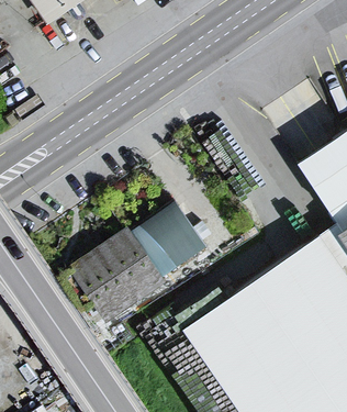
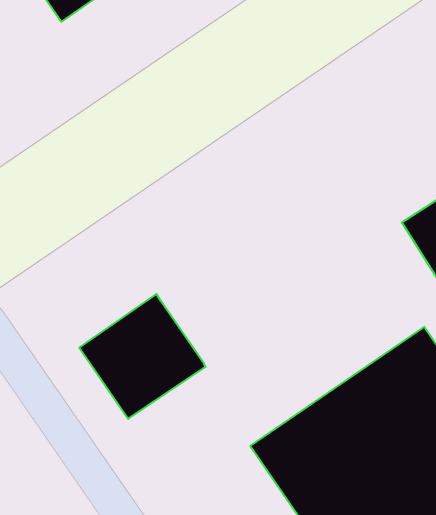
building: [124,196,202,272] -> none

